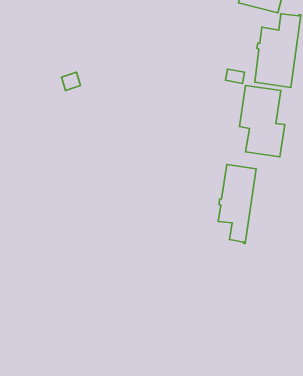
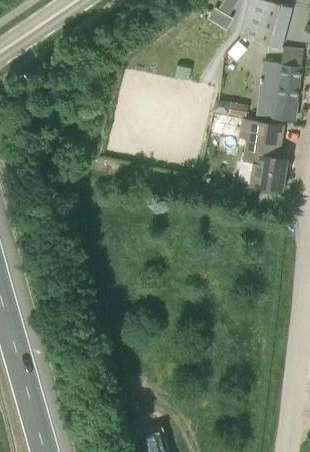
building: [218,165,256,244] -> none

